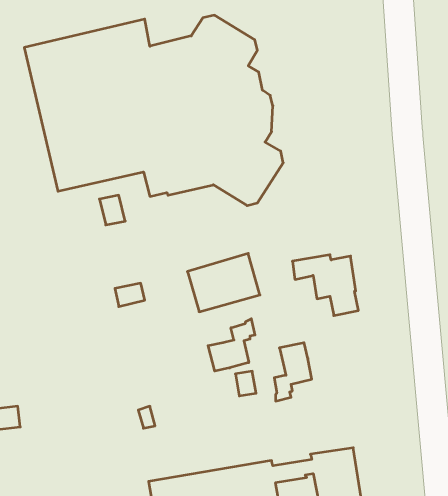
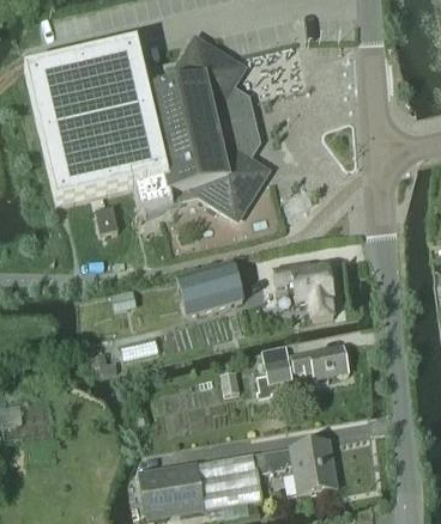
building: [208,319,255,371] -> none
building: none -> [294,345,349,382]

